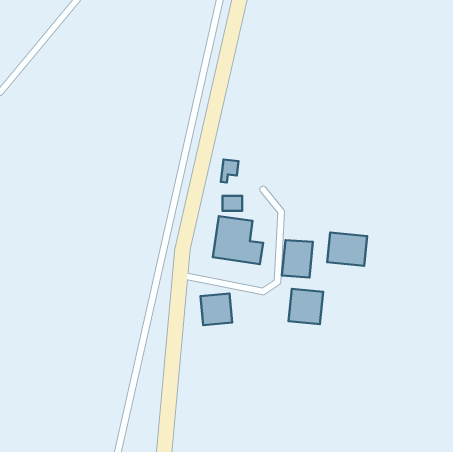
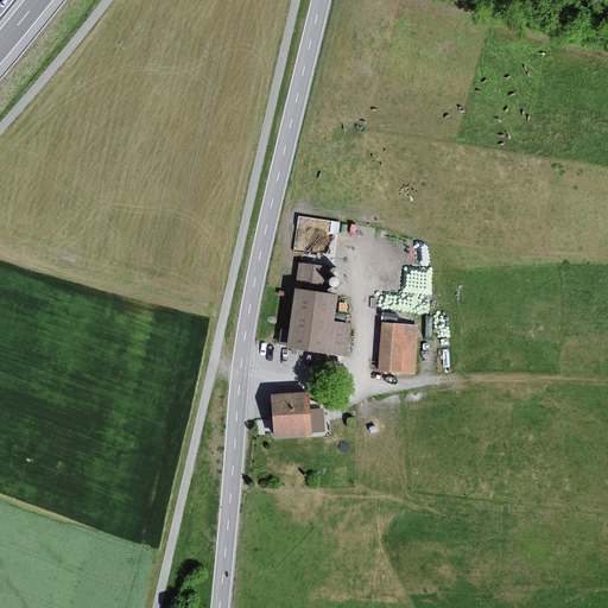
building: [327,232,367,266] -> none
building: [289,289,323,324] -> none

